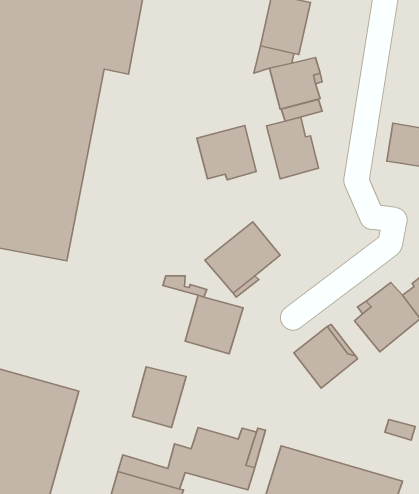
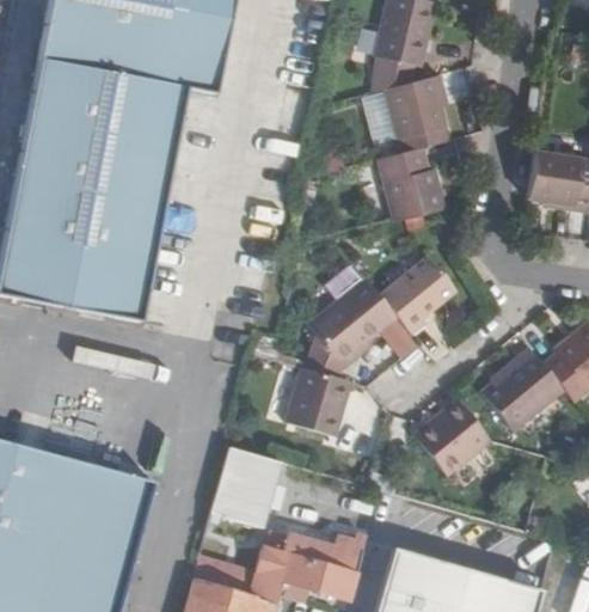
building: [197,126,256,180] -> none
building: none -> [379,256,455,335]

